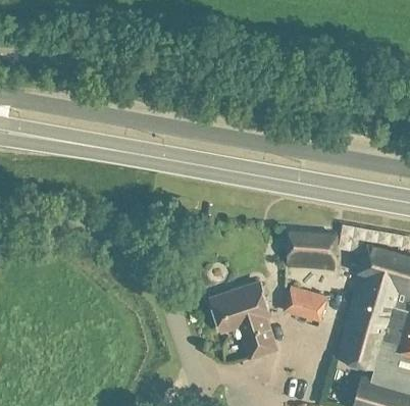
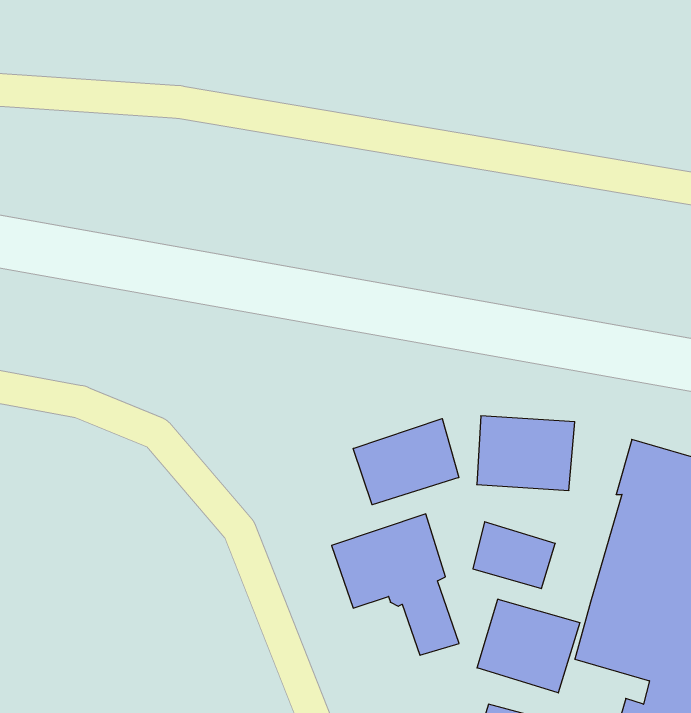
building: none -> [353,419,459,505]
building: none -> [477,599,580,693]

